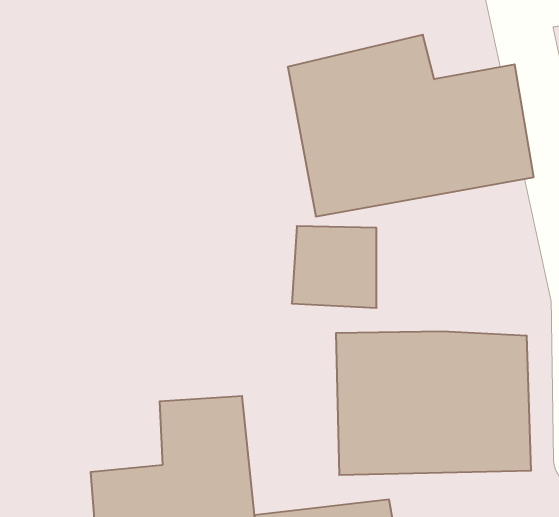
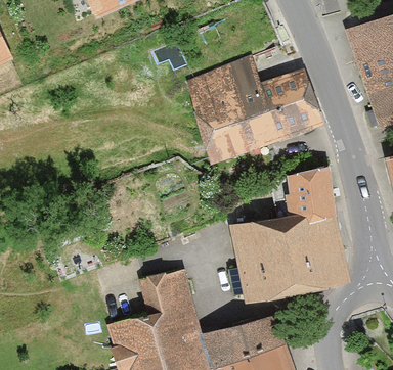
building: [292,226,377,308] -> [285,167,336,216]

